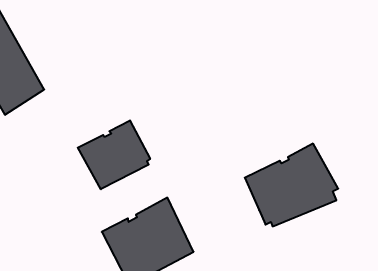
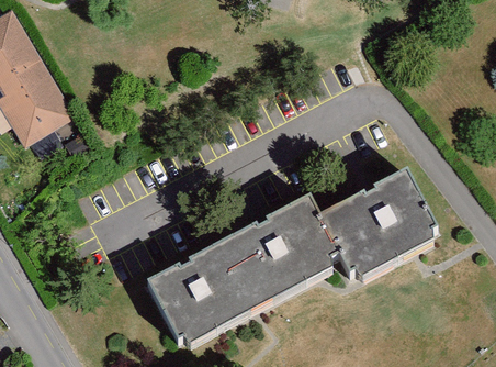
building: [78,120,150,189] -> none
building: none -> [222,200,334,309]

